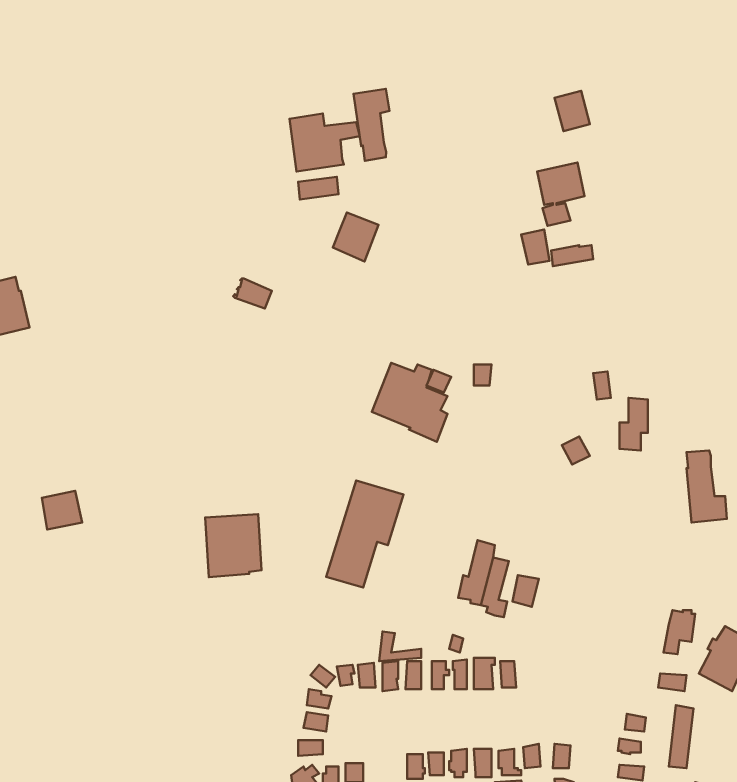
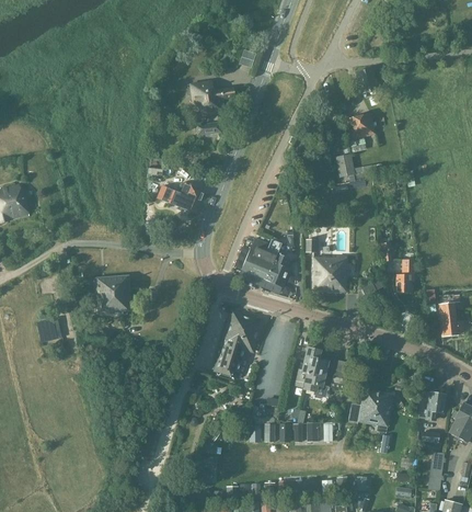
building: [353,89,390,161] -> none
building: [333,212,379,262] -> [176,182,205,213]
building: none -> [313,255,347,292]
building: [205,514,262,577] -> [96,275,131,315]
building: none -> [348,389,393,433]

